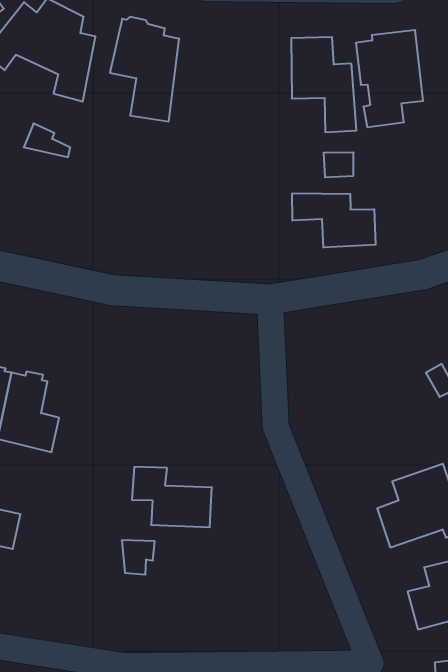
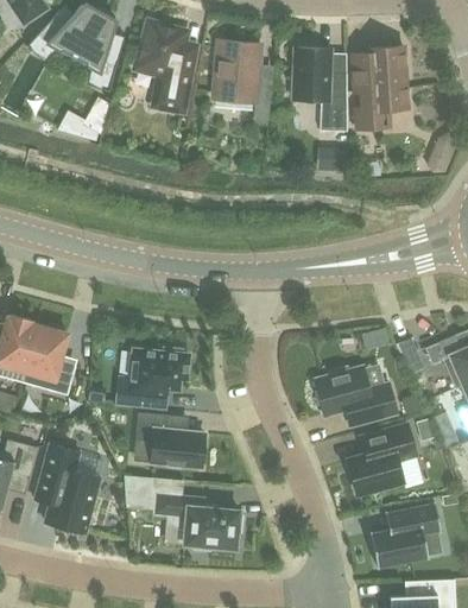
building: none -> [214,40,270,115]
building: [292,193,376,248] -> none
building: none -> [115,347,188,408]
building: none -> [315,366,397,425]
building: none -> [33,444,103,533]
building: none -> [154,494,242,551]

